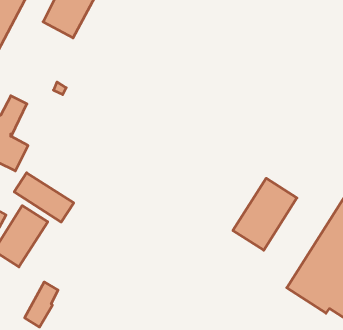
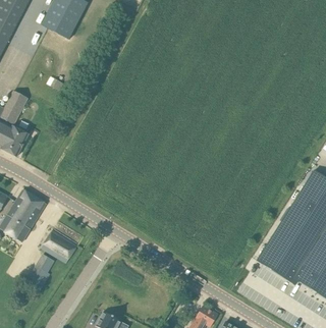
building: [14,173,74,222] -> none
building: [233,178,297,250] -> none
building: none -> [40,229,77,265]

